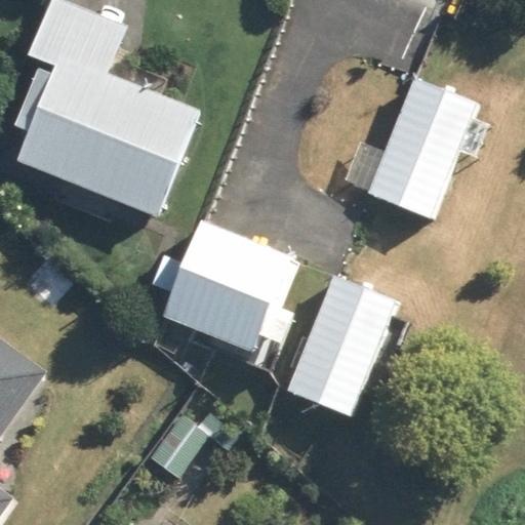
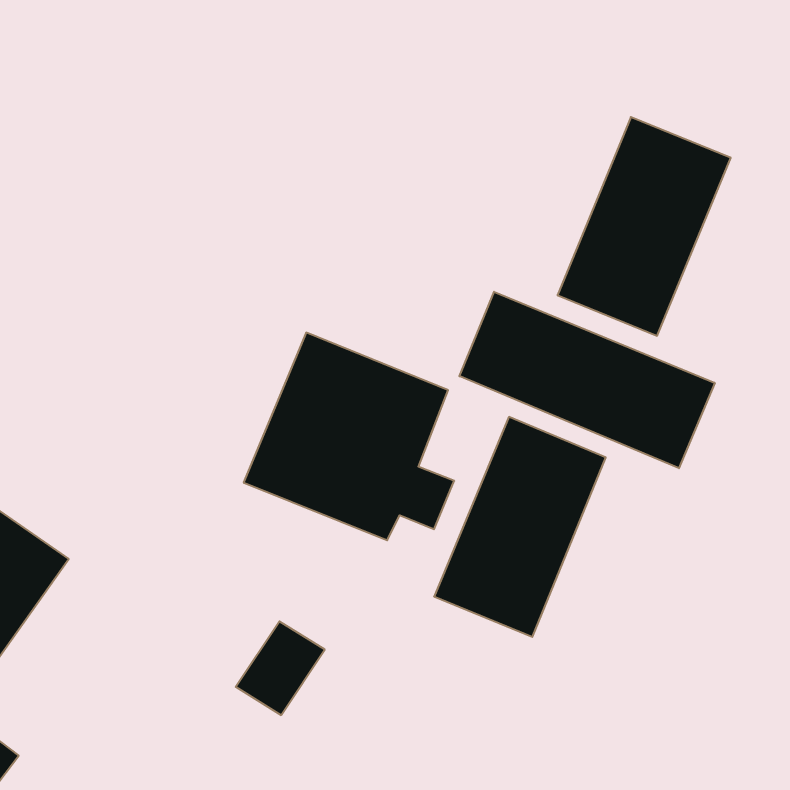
building: [13,53,202,217] -> none
building: none -> [459,292,715,468]

